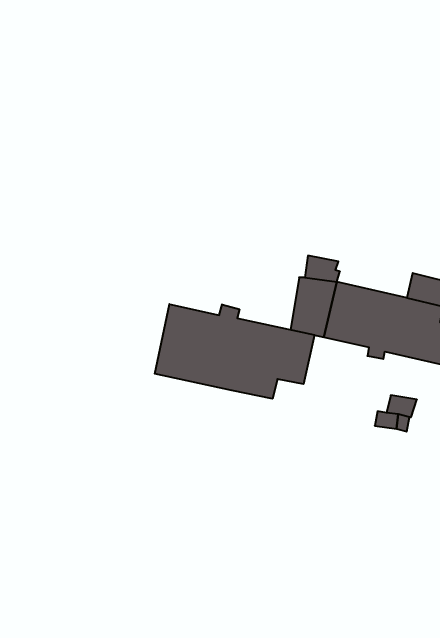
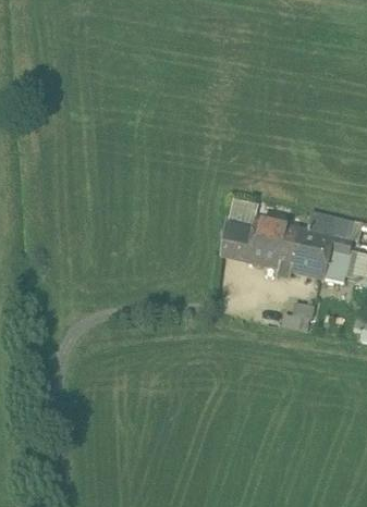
building: [155,304,314,399] -> none

